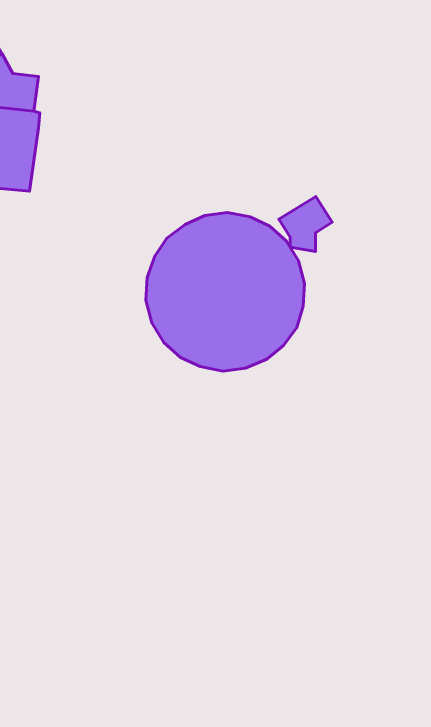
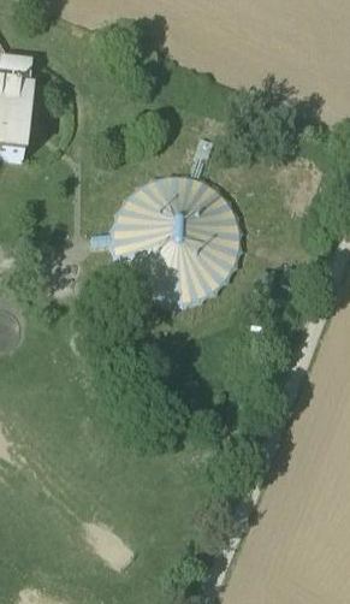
building: [279,196,332,251] -> none

